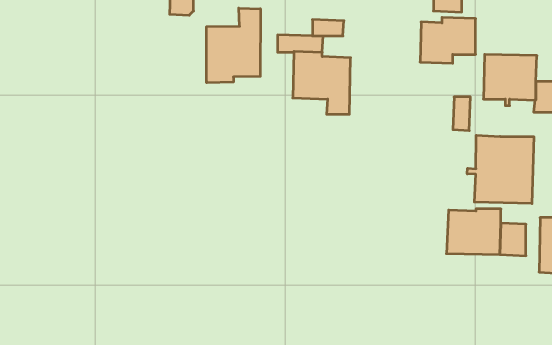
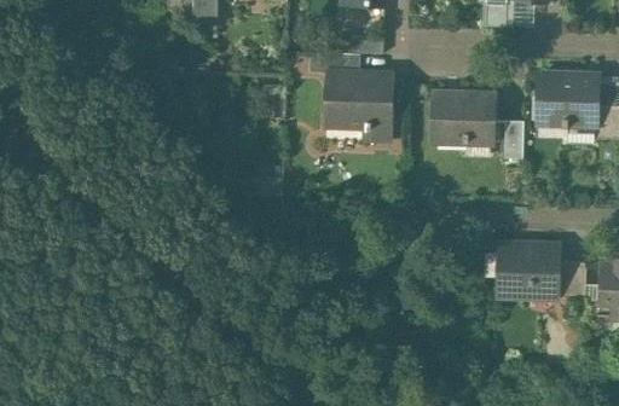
building: [207,8,260,83] -> none
building: [420,17,476,63] -> [430,91,492,141]
building: [467,135,534,204] -> none

